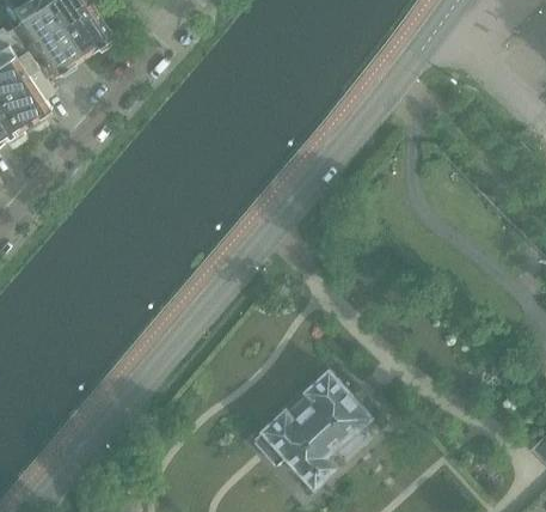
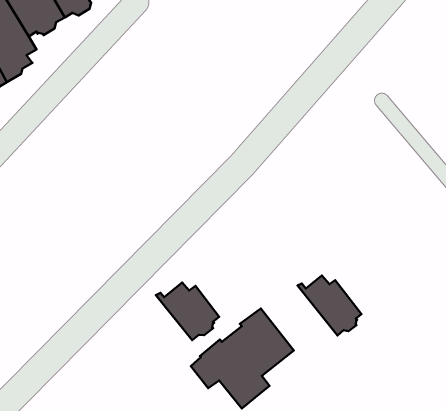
building: none -> [298,275,361,335]
building: none -> [156,283,219,340]

